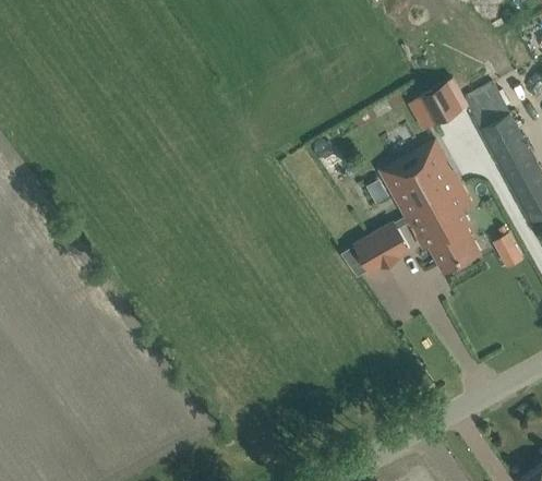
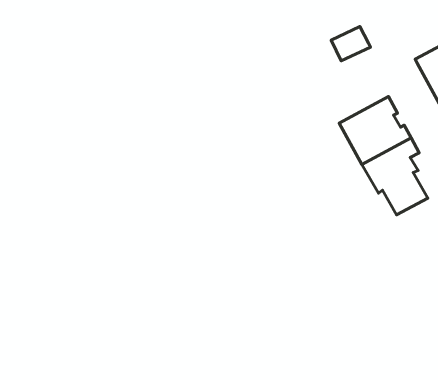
building: [424,83,468,121] -> [331,26,371,61]
building: [357,226,409,273] -> none

